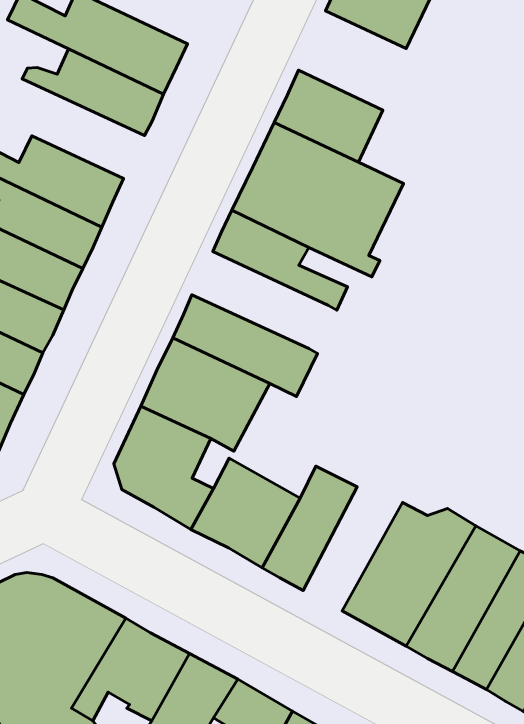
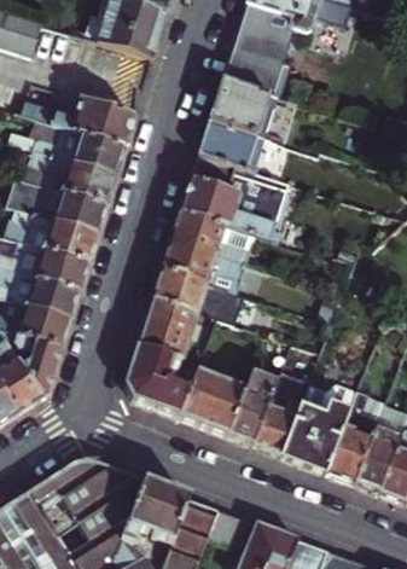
building: none -> [208,79,278,137]
building: none -> [31,147,116,202]
building: none -> [159,240,246,294]
building: none -> [255,372,310,457]

